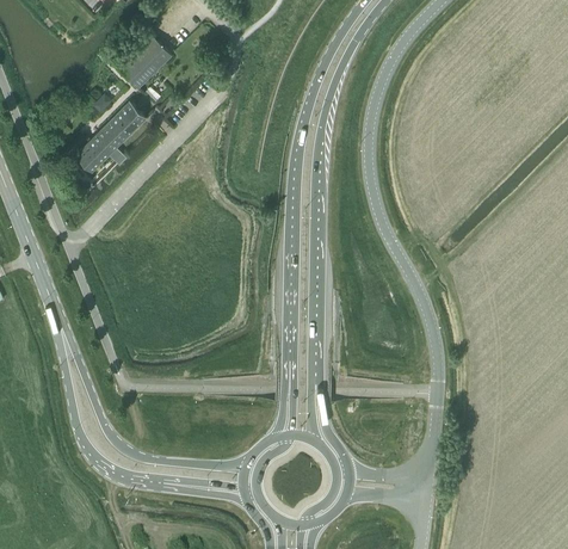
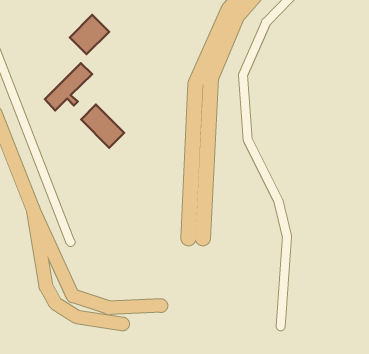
building: none -> [81,105,124,148]

